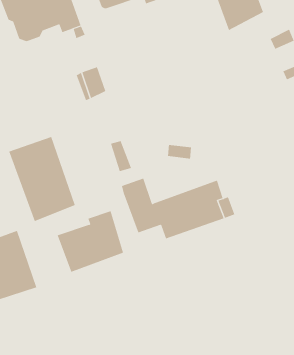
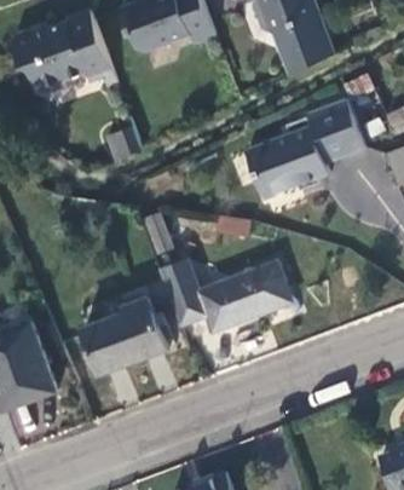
building: none -> [243,98,363,196]
building: [8,136,76,222] -> none

